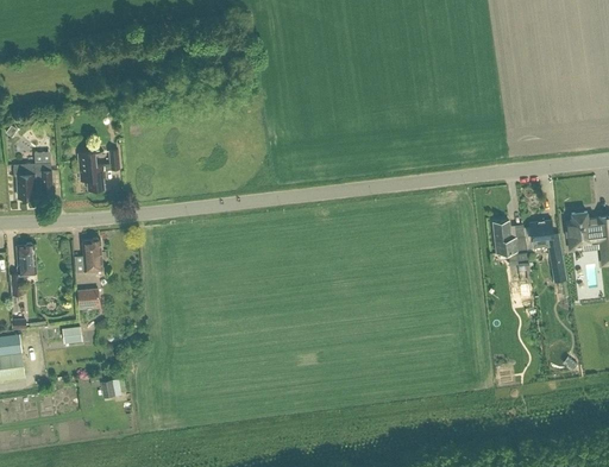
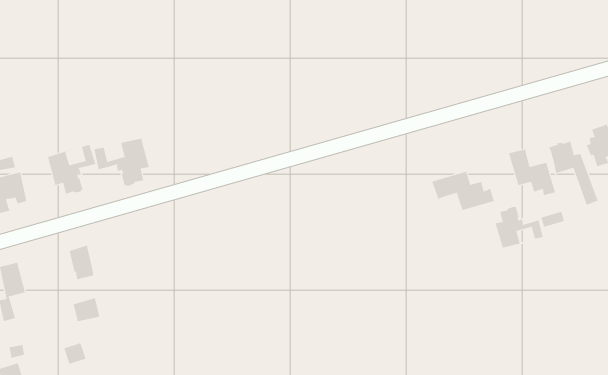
building: none -> [94,138,150,187]
building: none -> [432,171,495,211]
building: none -> [495,206,543,248]

